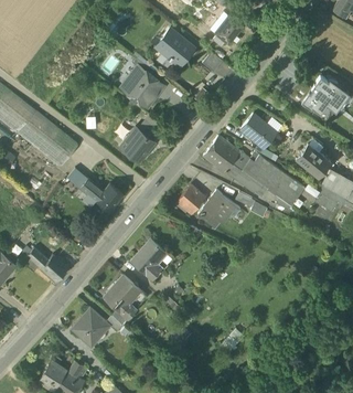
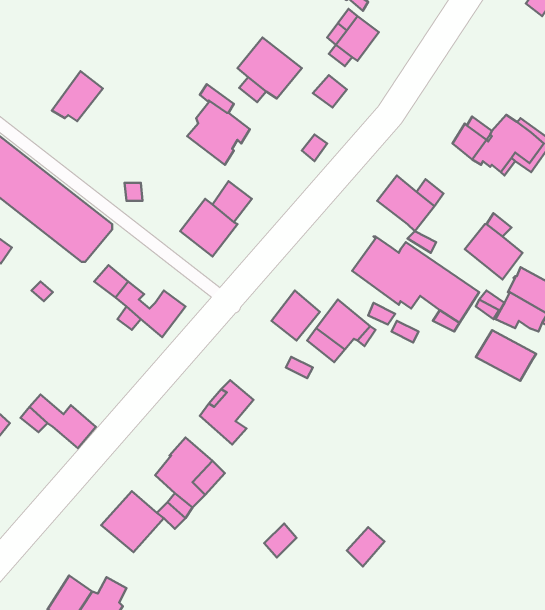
building: none -> [52,71,103,121]
building: [203,136,239,172] -> none
building: none -> [476,330,536,381]

